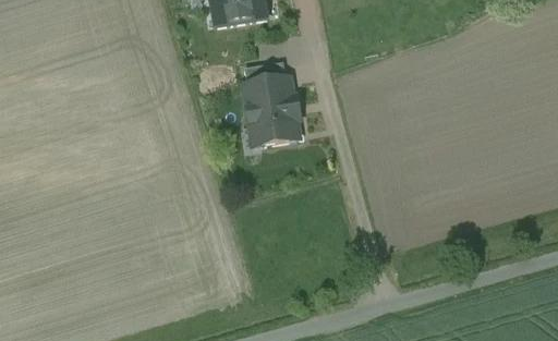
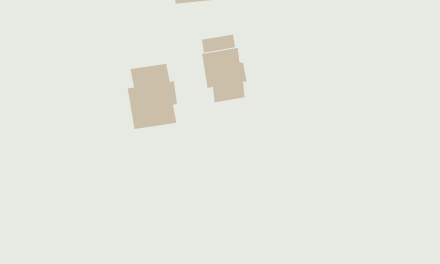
building: none -> [127,63,177,130]

